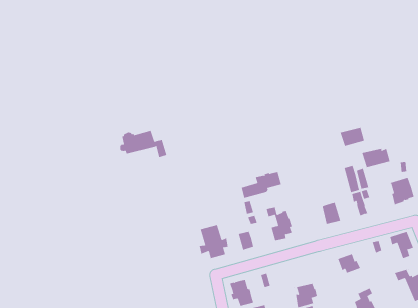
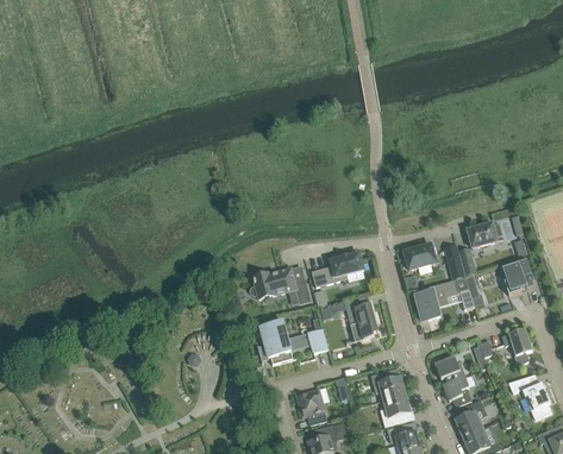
building: [340,127,365,147] -> [404,244,436,269]
building: [120,130,167,158] -> [250,267,311,303]
building: none -> [371,370,405,401]
building: none -> [443,376,471,406]

